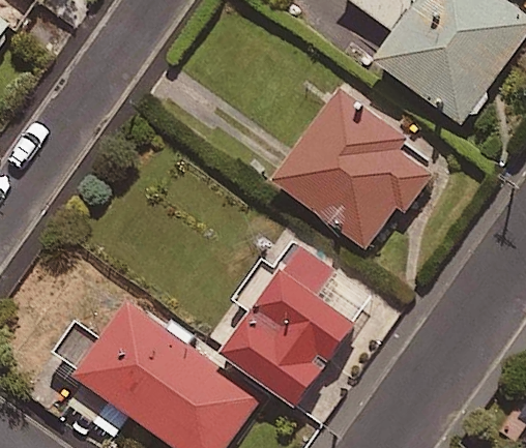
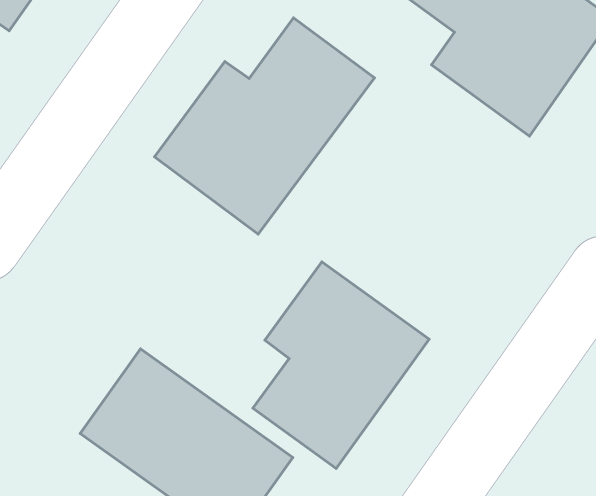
building: none -> [154,18,375,234]
building: [274,92,430,247] -> none

